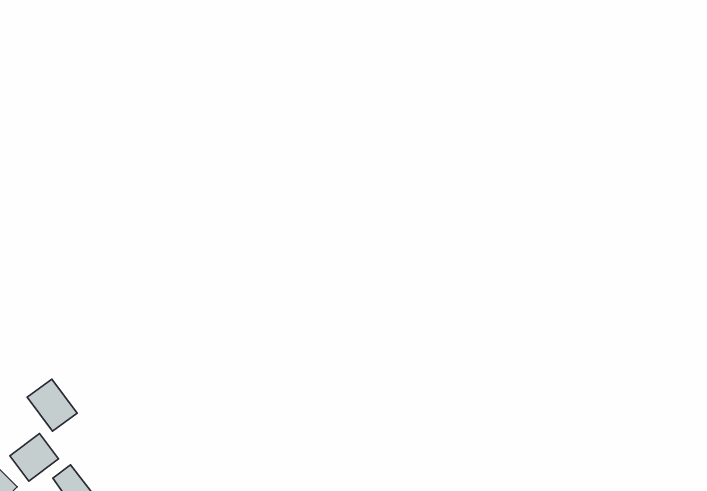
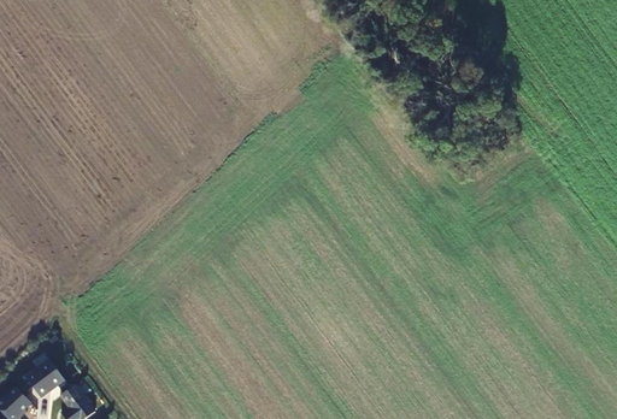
building: [27,379,77,431] -> none

